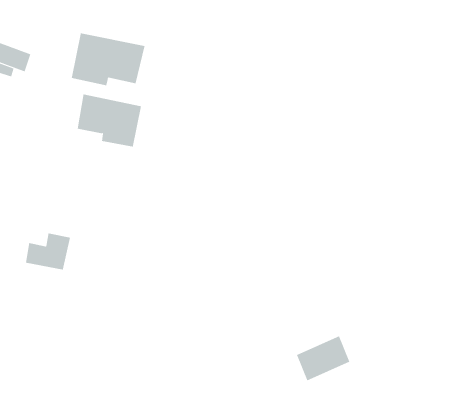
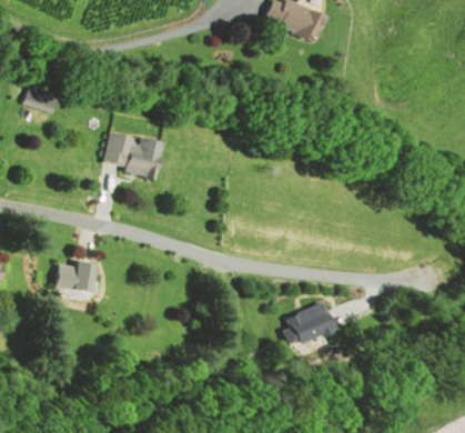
building: [71,32,145,86] -> none
building: [296,335,350,381] -> [285,303,335,345]

